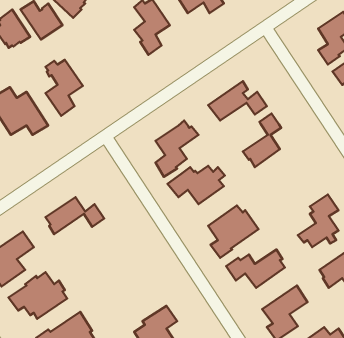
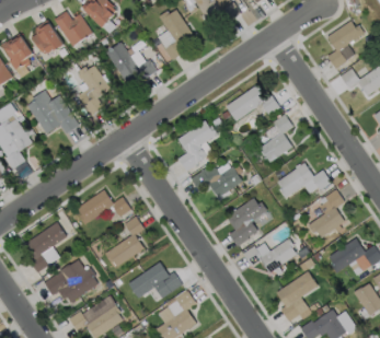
building: none -> [106,42,158,84]
building: none -> [278,163,332,199]
building: none -> [105,217,145,267]
building: none -> [128,261,182,298]

